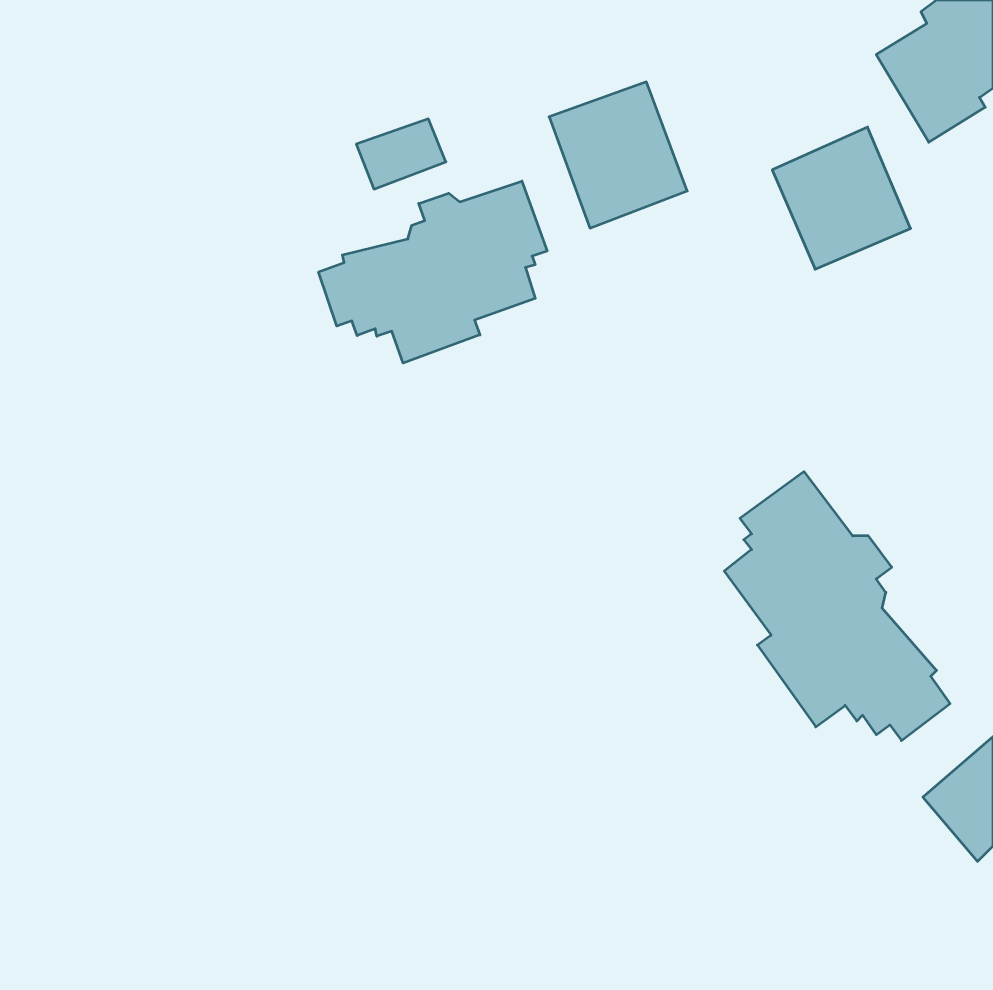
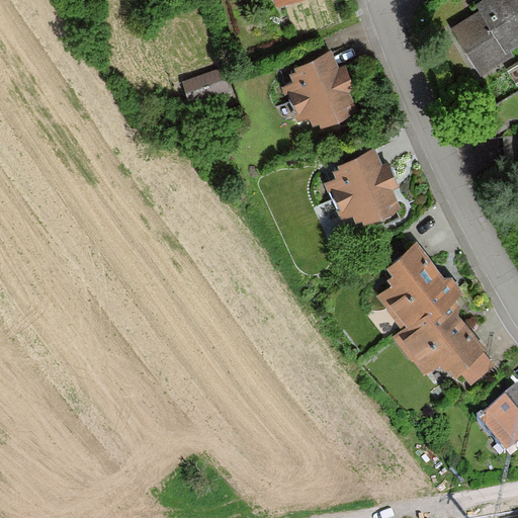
building: [772,127,911,269] -> [328,144,400,218]
building: [319,181,547,363] -> none

